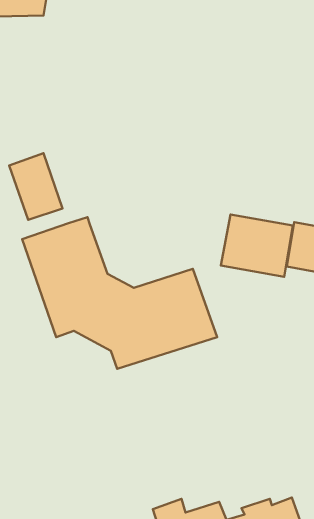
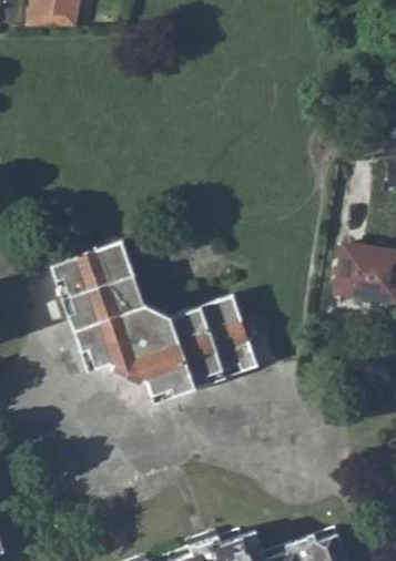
building: [9,153,62,220] -> none
building: [221,214,293,277] -> none

